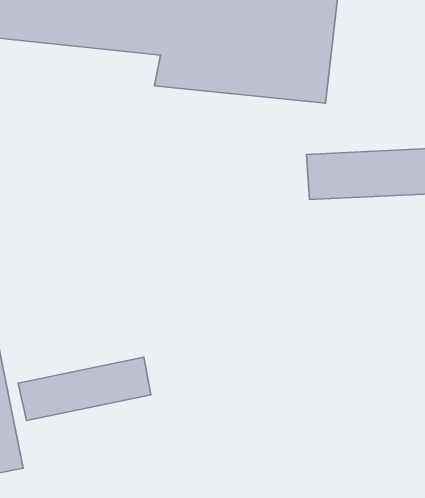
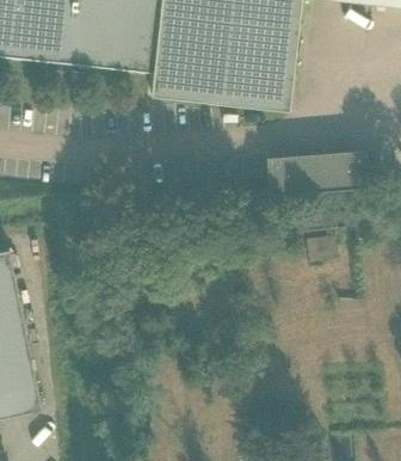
building: [18,357,151,421] -> none

